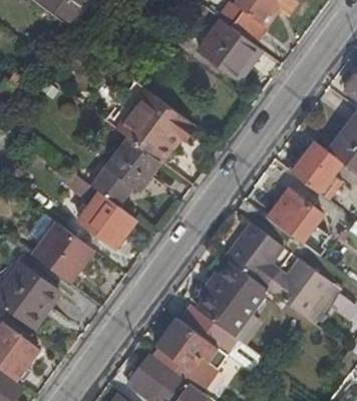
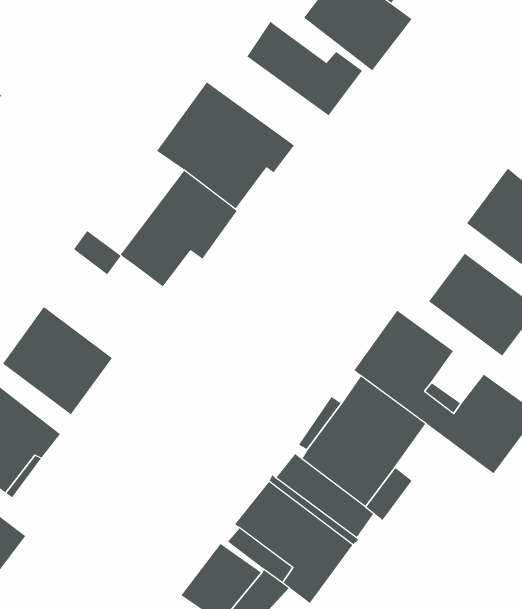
building: none -> [246,21,363,116]
building: [78,194,134,249] -> none

